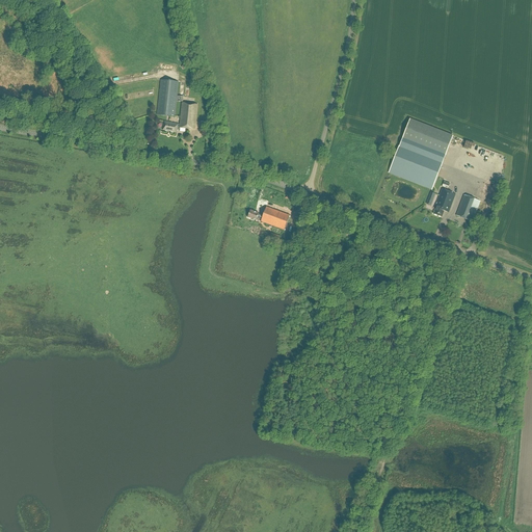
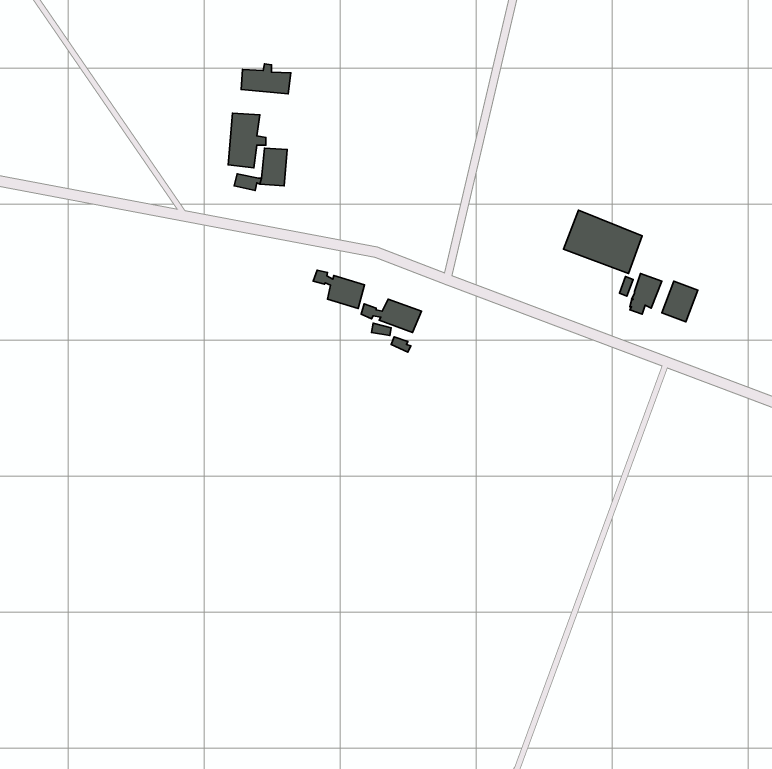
building: none -> [241,64,291,94]
building: [402,117,453,154] -> none
building: none -> [313,270,364,308]

